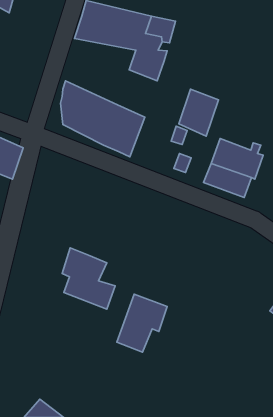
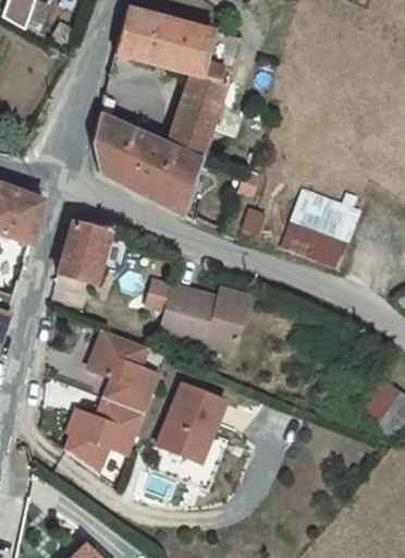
building: [179,89,219,136] -> [168,98,220,160]
building: none -> [53,215,106,282]
building: none -> [159,286,247,351]
building: none -> [67,391,154,469]

